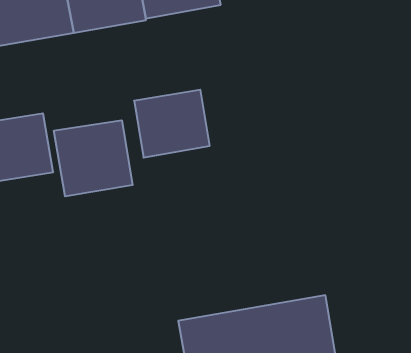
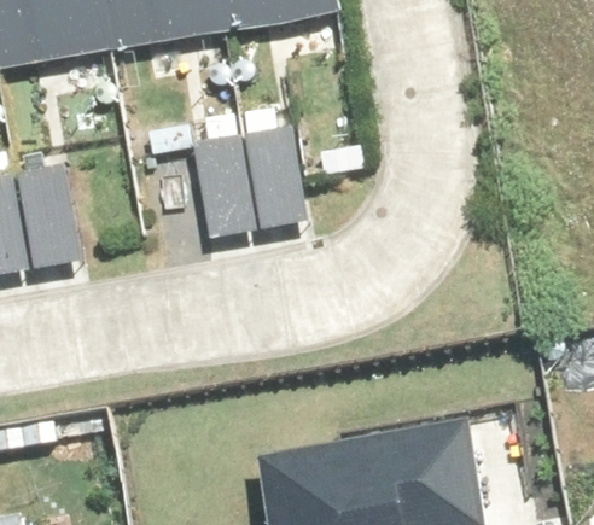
building: [54,120,133,196] -> none

